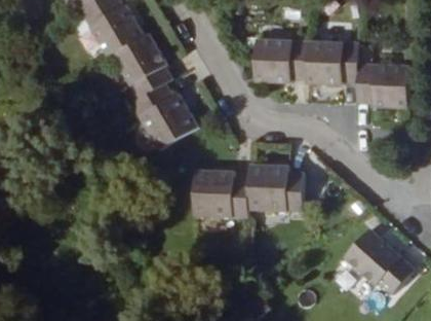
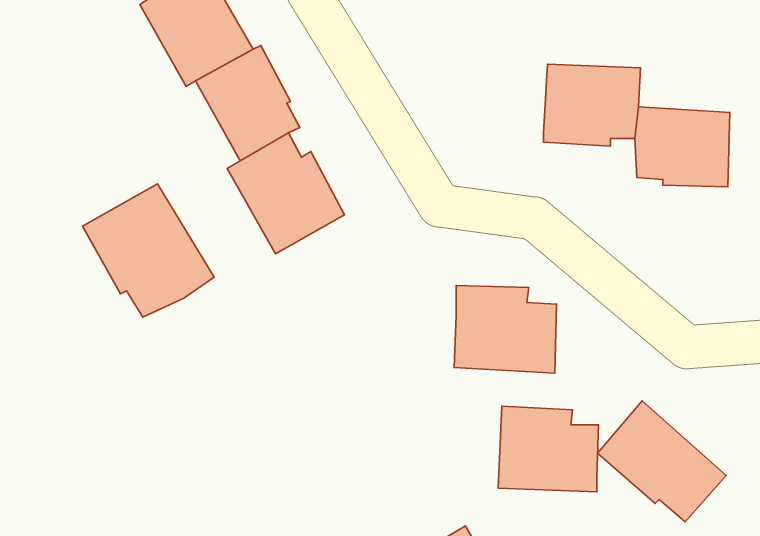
building: [253,38,307,83] -> none
building: none -> [82,184,214,317]
building: [201,170,257,217] -> [498,406,599,492]

